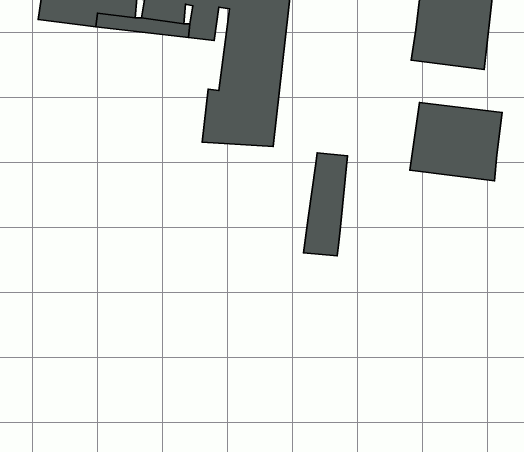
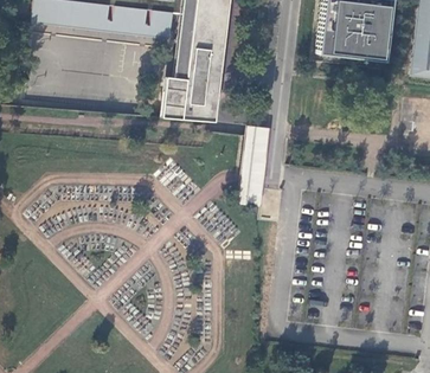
building: [410,102,502,181] -> none

